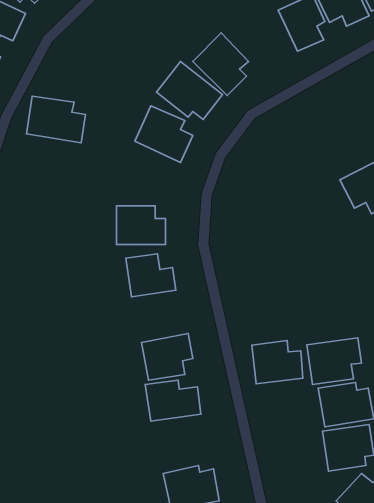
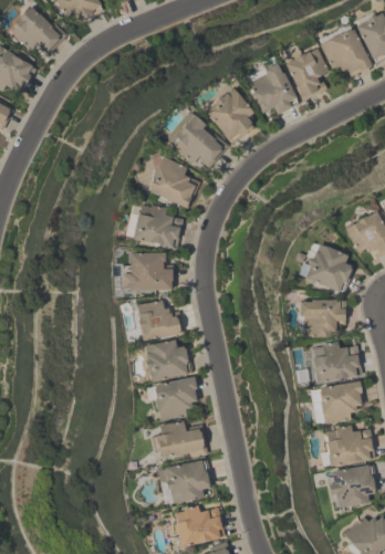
building: none -> [246,62,300,114]
building: [26,96,86,143] -> [126,202,184,248]
building: none -> [300,241,353,293]
building: none -> [299,299,346,337]
building: none -> [144,339,194,380]
building: [252,341,303,384] -> [312,341,362,383]
building: none -> [159,460,214,504]

